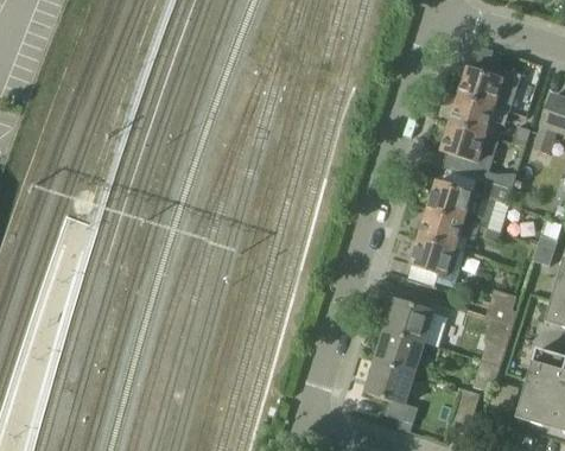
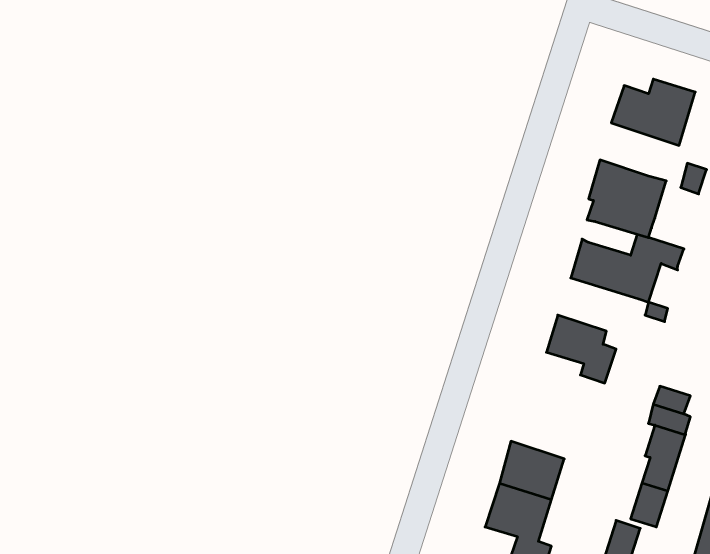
building: [450,94,508,133] -> none
building: [419,208,478,247] -> none
building: [385,297,447,345] -> none

